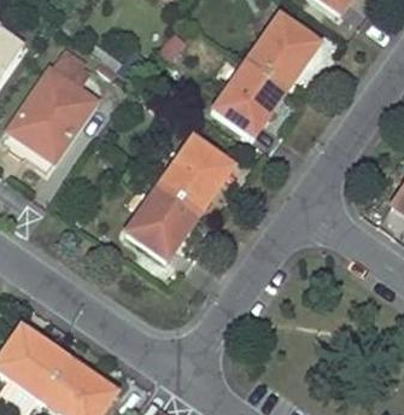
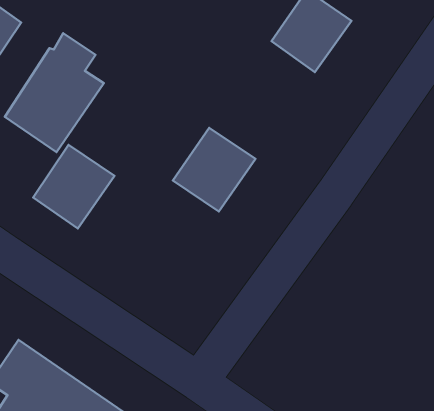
building: [213,60,286,135] -> none
building: [128,185,200,259] -> [33,145,114,229]

